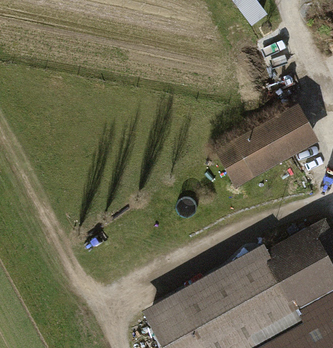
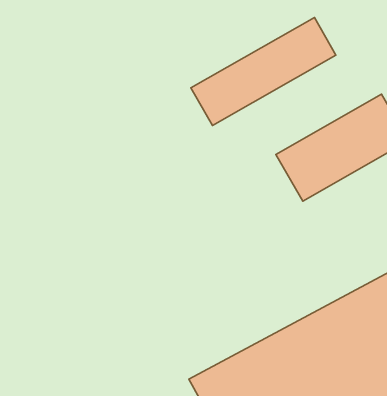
building: none -> [191,17,336,125]

